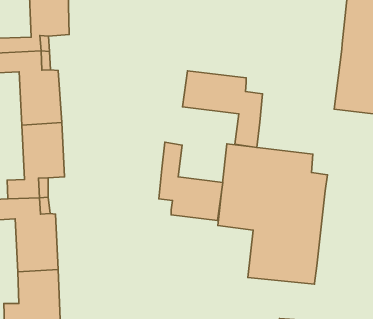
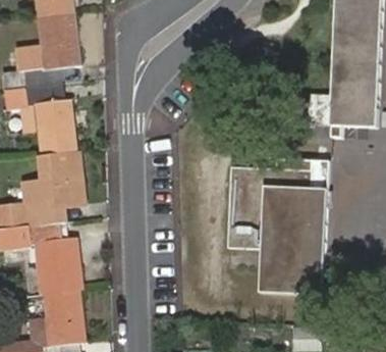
building: [182,71,263,148] -> none
building: [159,142,223,220] -> none

